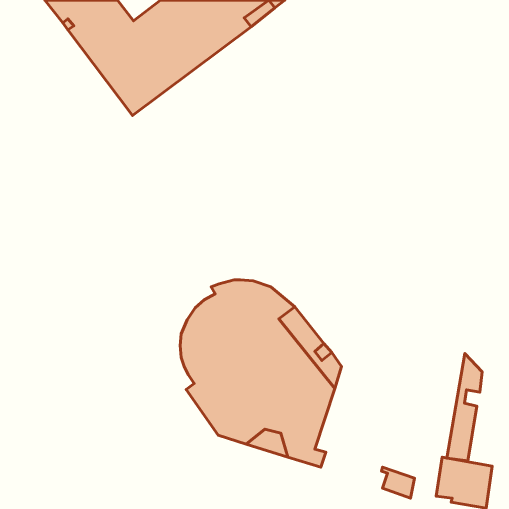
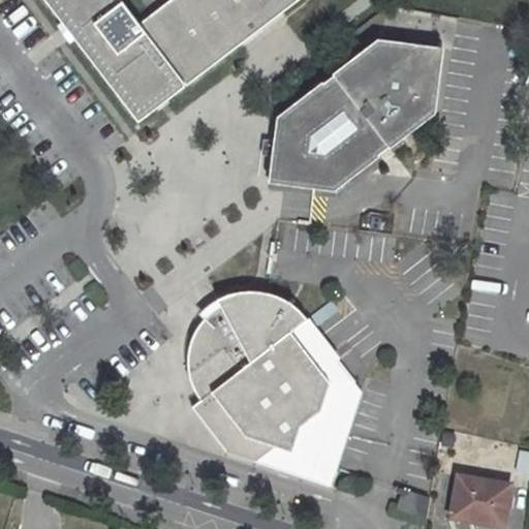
building: none -> [271,41,443,191]
building: [447,354,482,461] -> none

